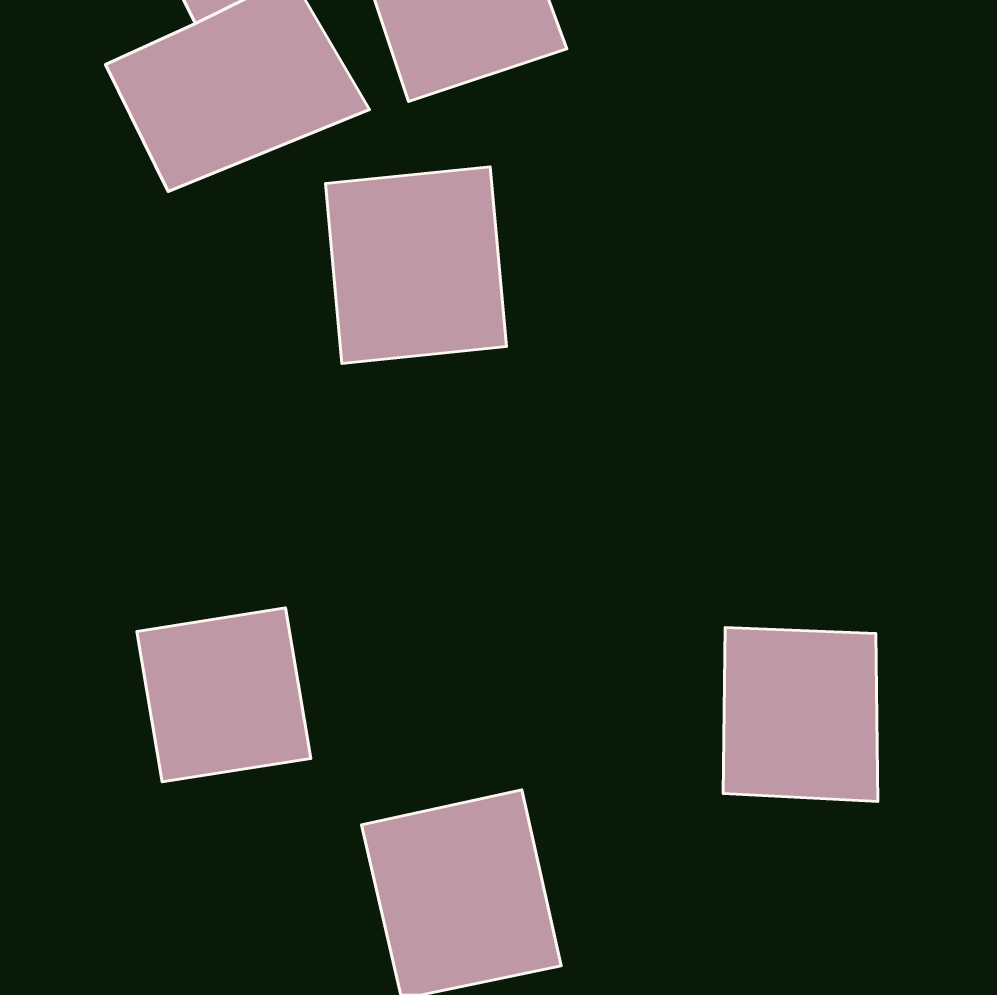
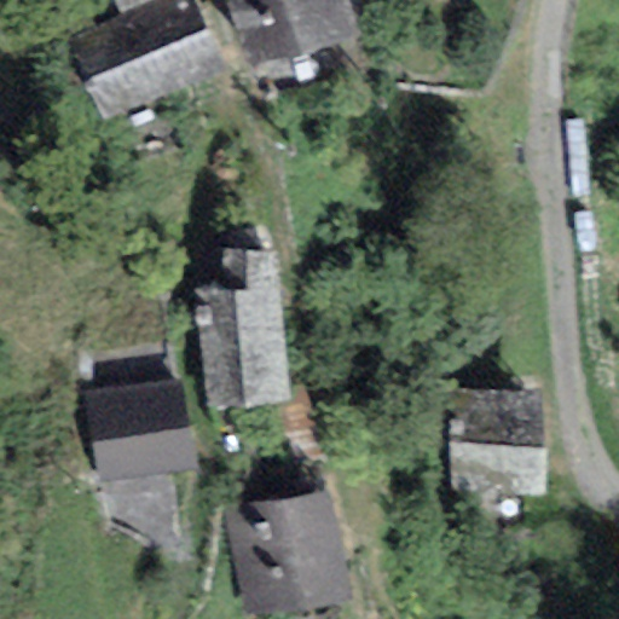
building: [325,167,507,363] -> none
building: none -> [192,248,290,411]

